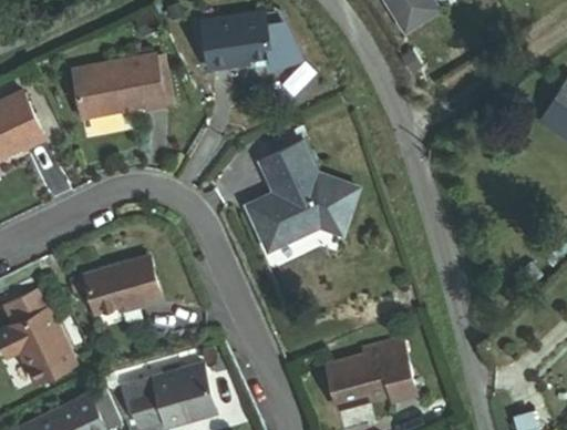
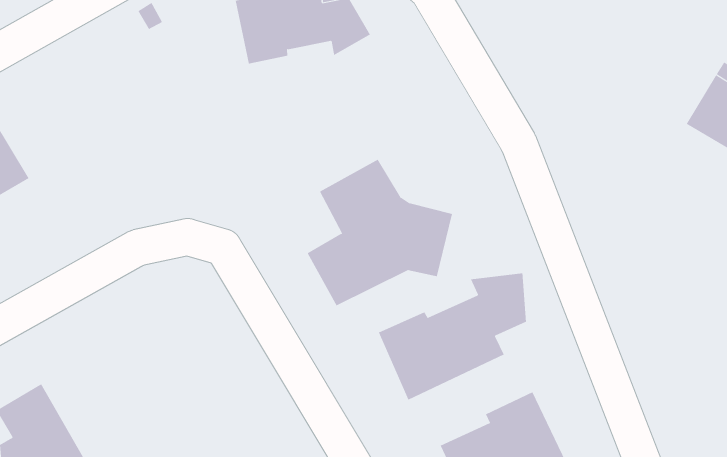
building: [72,49,167,120] -> none
building: none -> [378,273,526,401]
building: [81,259,156,315] -> none

